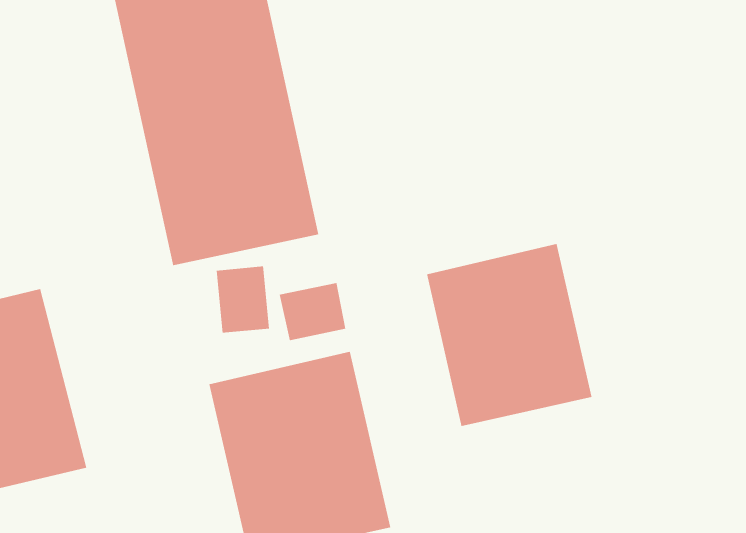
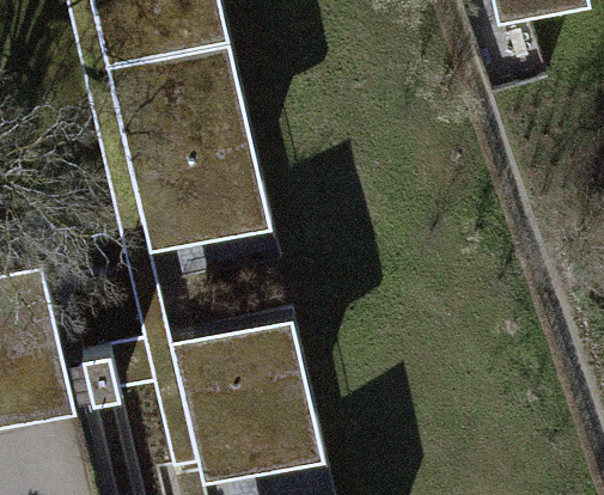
building: [427,243,592,427] -> none

